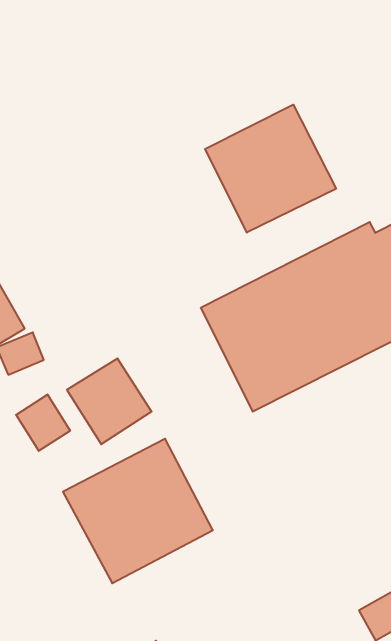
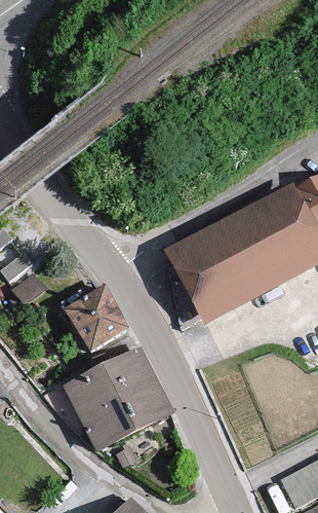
building: [205,105,336,233] -> none
building: [16,394,70,451] -> none

